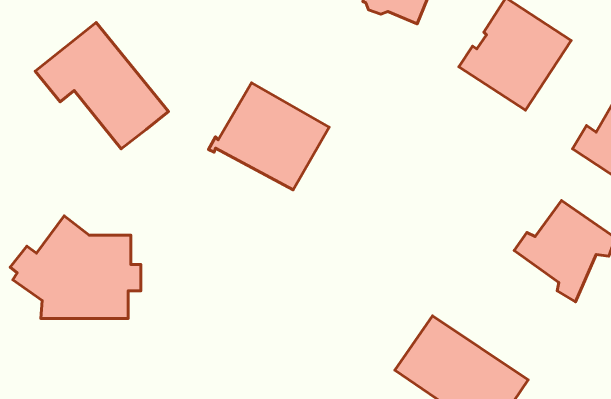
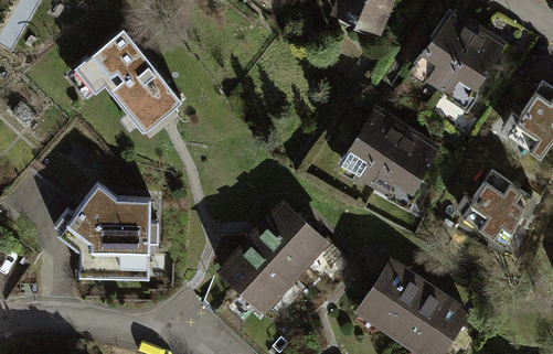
building: [208,83,329,190] -> [339,111,435,196]
building: none -> [222,204,326,310]

